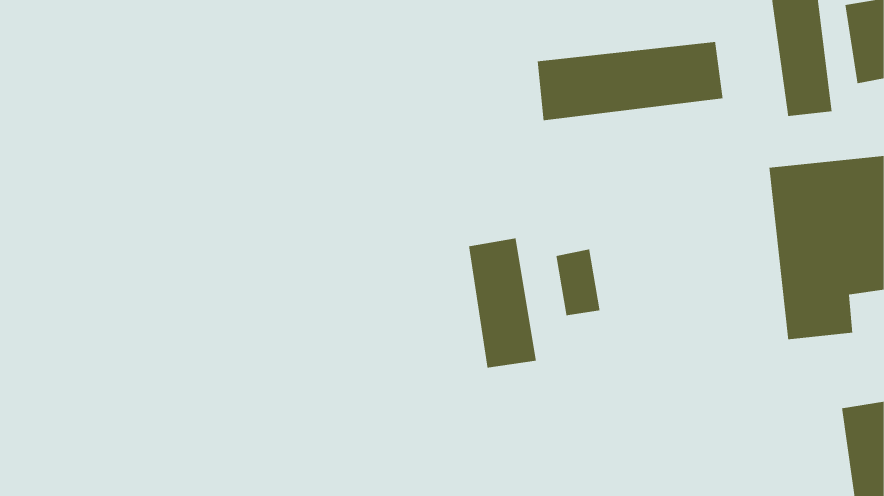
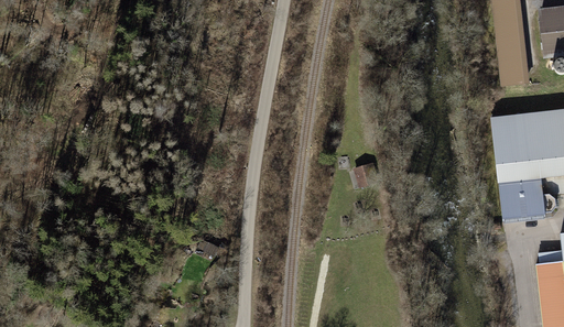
building: [537,41,723,121] -> none
building: [468,237,537,369] -> none

